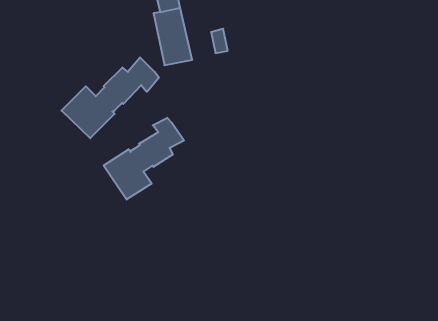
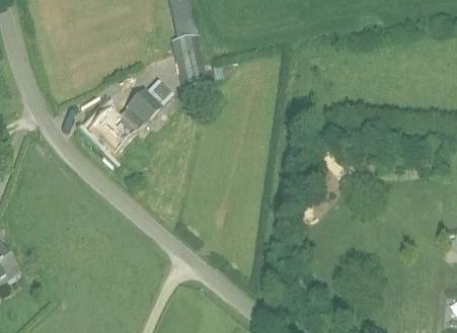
building: [104,118,184,200] -> none

